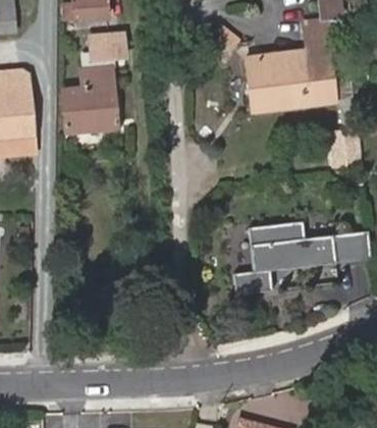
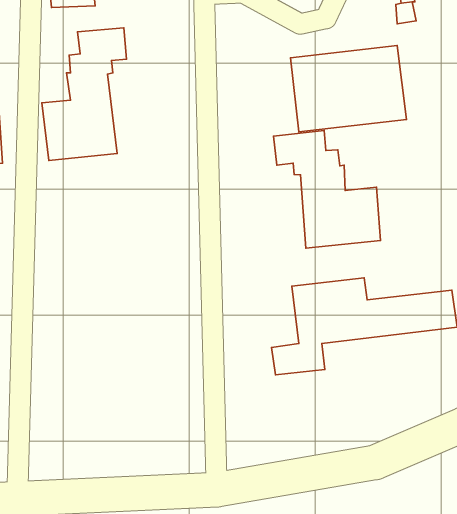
building: none -> [274,130,381,248]

